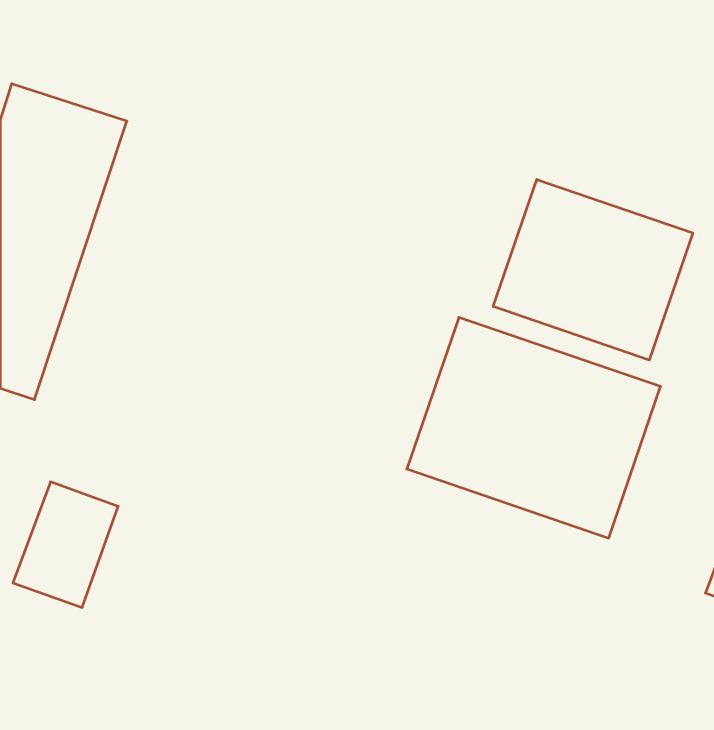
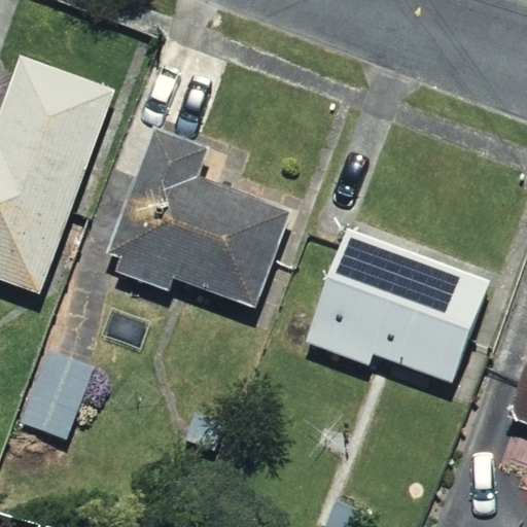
building: [493,179,693,360] -> none
building: none -> [109,132,290,311]

